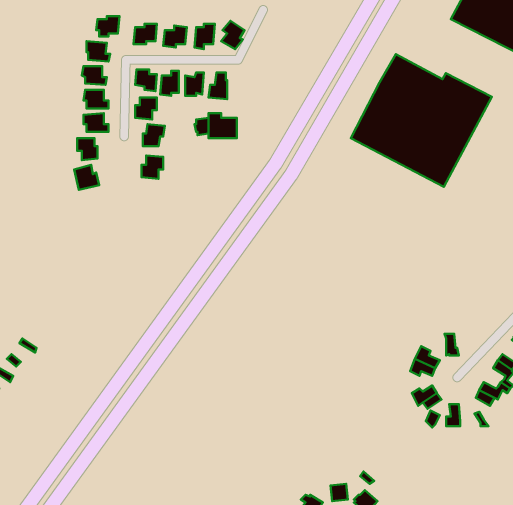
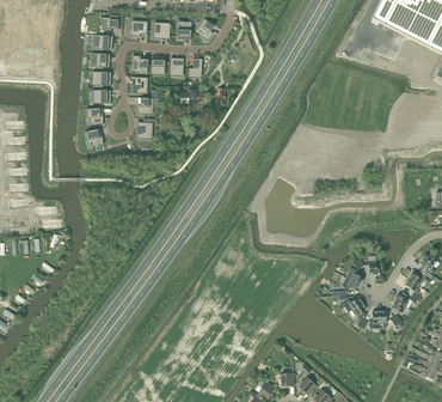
building: [351,54,492,187] -> none

